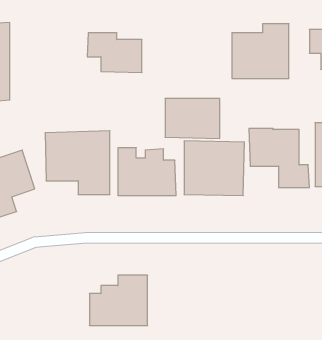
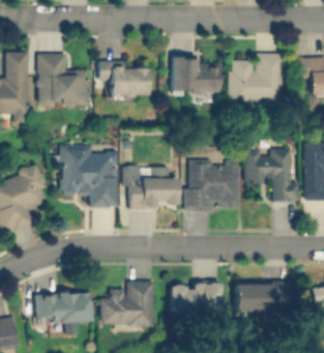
building: none -> [37,54,88,107]
building: [165,99,220,138] -> [172,59,222,95]
building: none -> [171,283,222,313]
building: none -> [235,284,290,314]
building: none -> [35,292,92,333]

